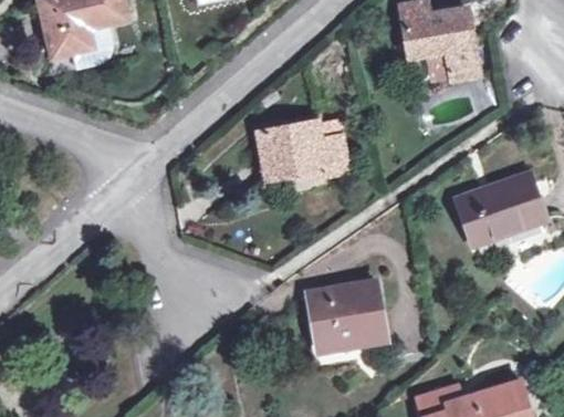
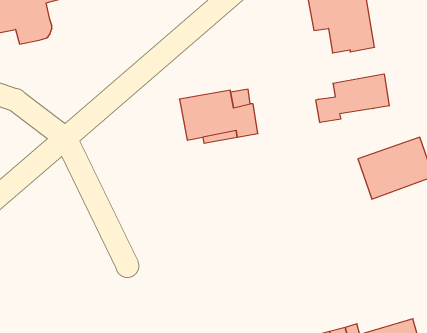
building: none -> [316,74,389,123]
building: [306,279,385,347] -> none

